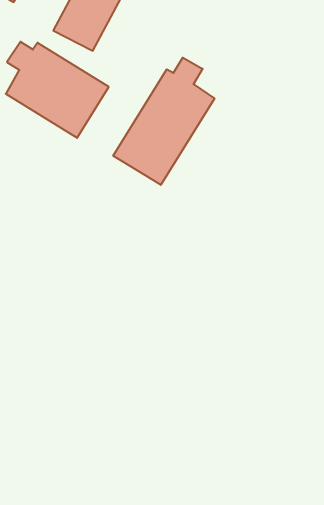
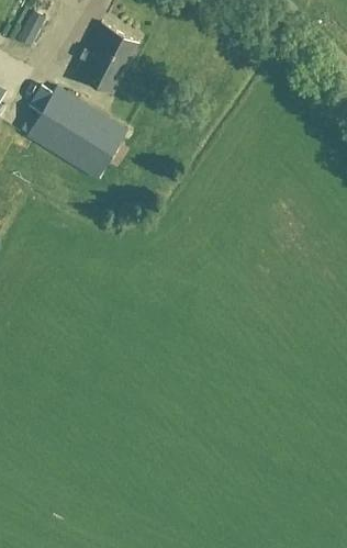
building: [113,58,214,185] -> none

